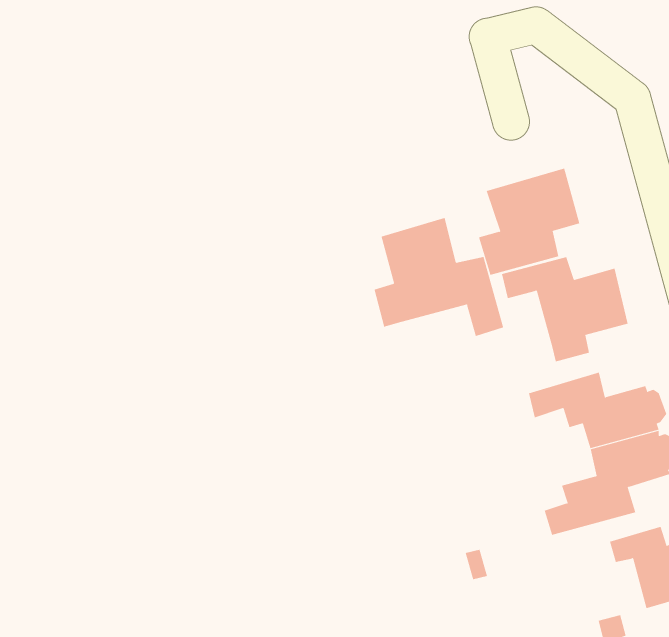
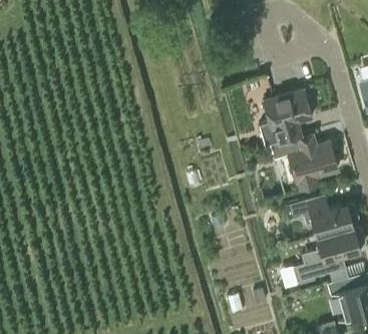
building: [374,217,504,337] -> none

